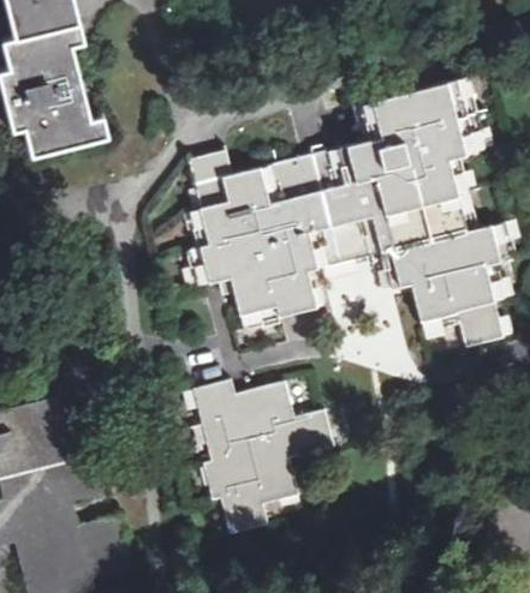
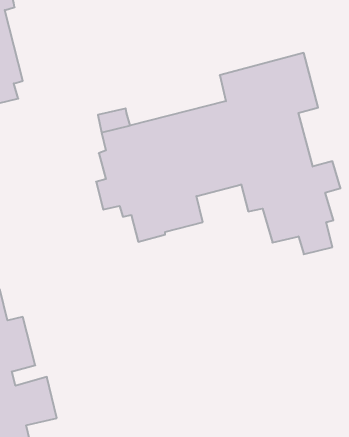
building: [192,381,332,535] -> none

